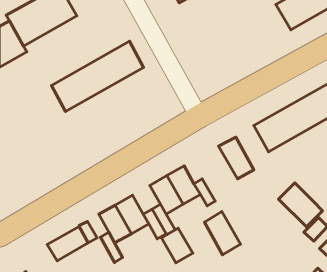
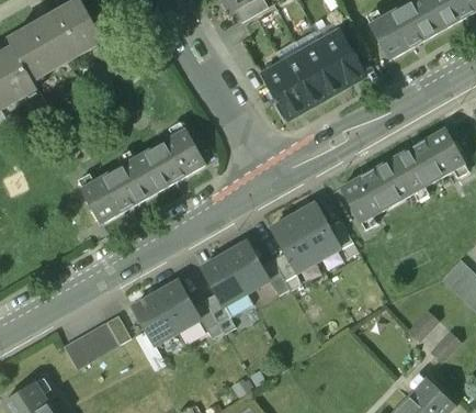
building: none -> [263,30,365,119]
building: [52,41,143,112] -> [82,129,205,223]
building: [279,183,323,227] -> none
building: [204,211,241,255] -> [271,214,319,272]
building: [161,228,193,263] -> none

